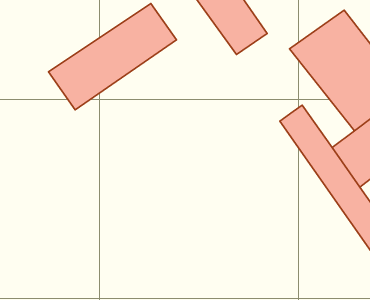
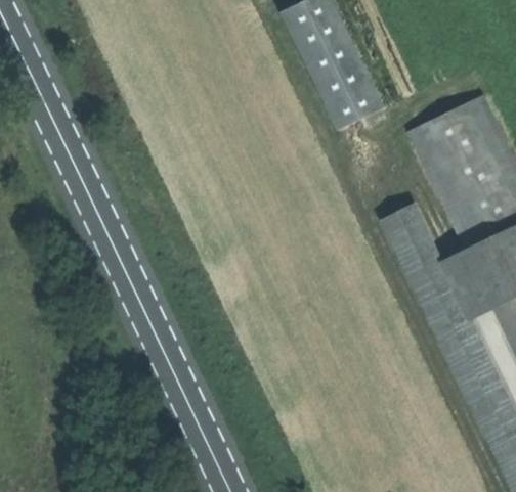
building: [49,4,176,110] -> none

